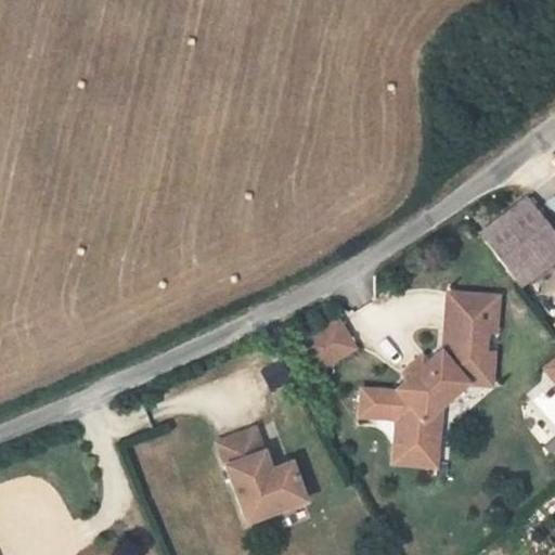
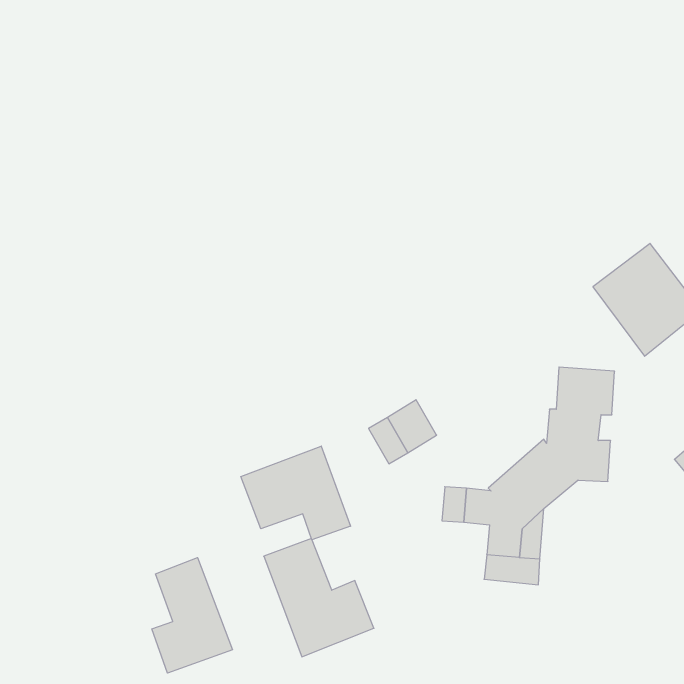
building: none -> [241,446,351,540]
building: none -> [152,558,232,673]

